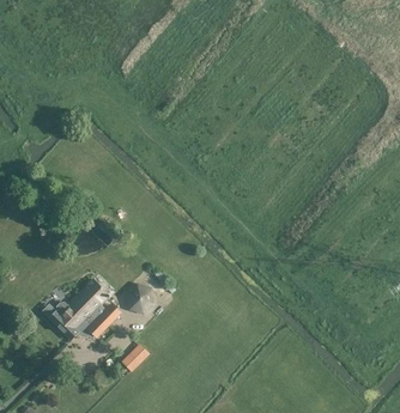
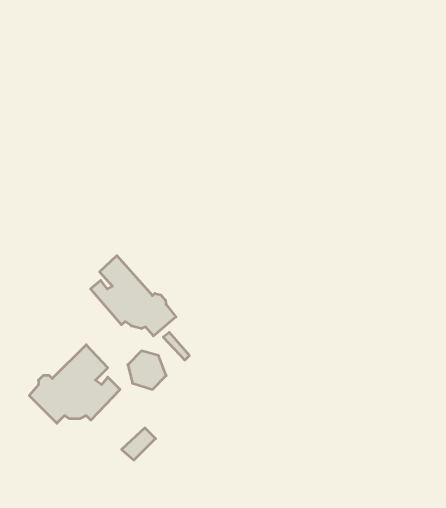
building: none -> [91,256,176,336]

